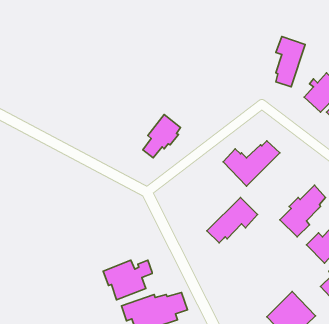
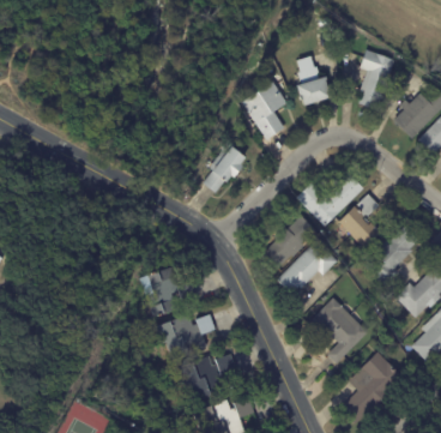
building: none -> [298,56,334,106]
building: none -> [241,82,285,140]
building: none -> [339,194,381,249]
building: none -> [264,214,318,267]
building: none -> [143,267,200,318]
building: none -> [302,296,369,365]

